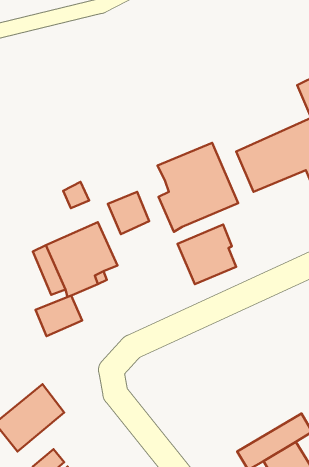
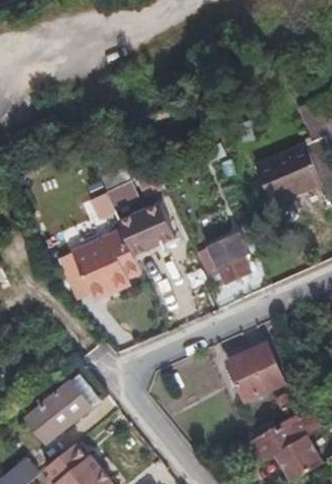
building: [157,143,238,232] -> none
building: [36,296,82,336] -> none
building: none -> [228,346,283,401]

